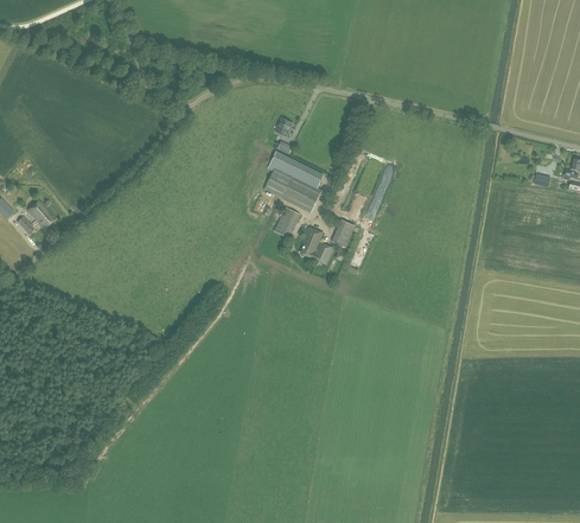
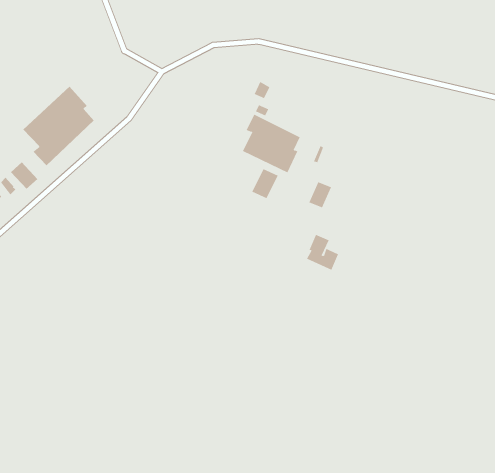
building: none -> [23,86,95,166]
building: [299,227,332,263] -> [306,234,339,270]

